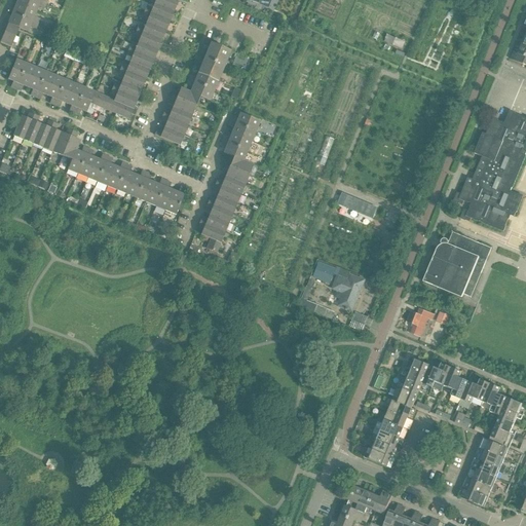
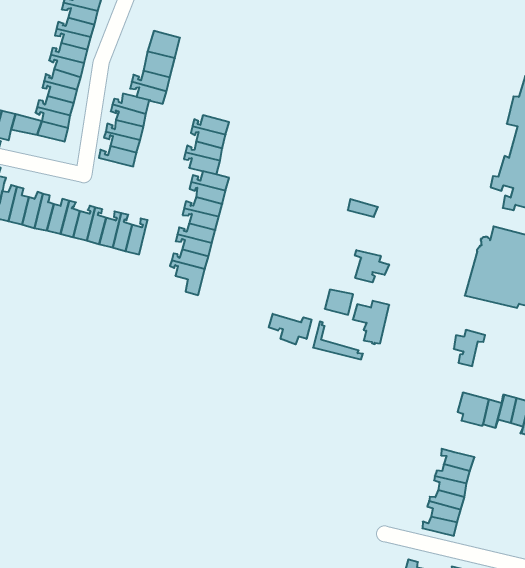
building: none -> [355,250,389,282]
building: none -> [269,314,312,344]
building: [393,376,421,407] -> none

